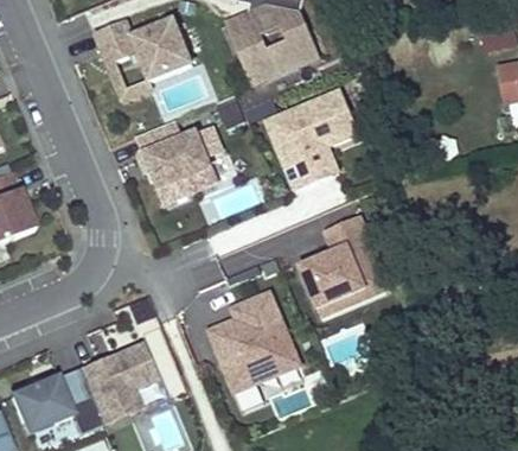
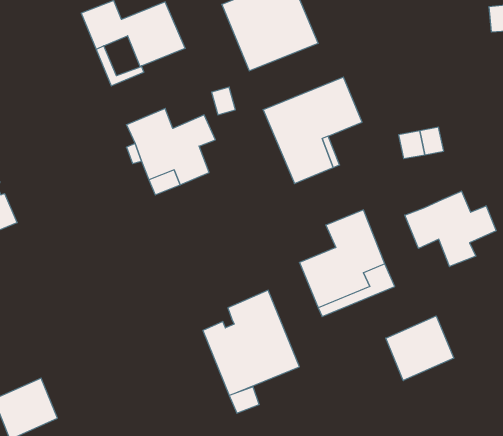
building: none -> [405,191,496,267]
building: none -> [386,316,454,381]
building: [79,342,156,423] -> none

